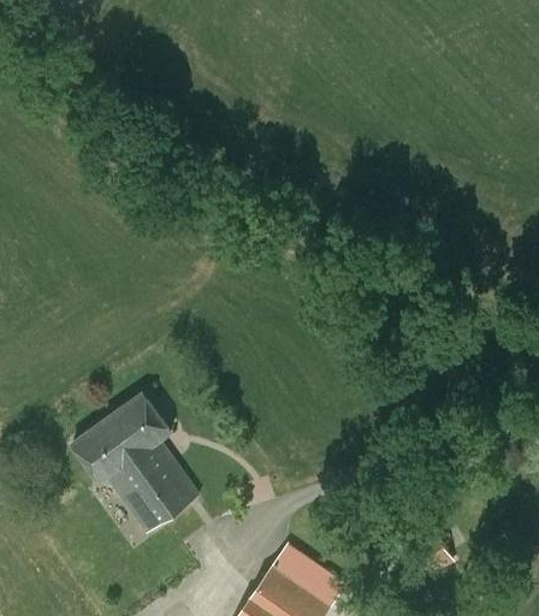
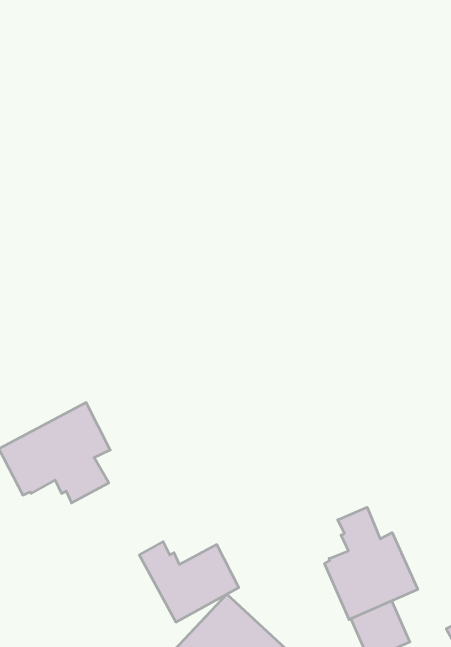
building: none -> [325,507,418,620]
building: [107,460,197,532] -> [139,542,239,622]

